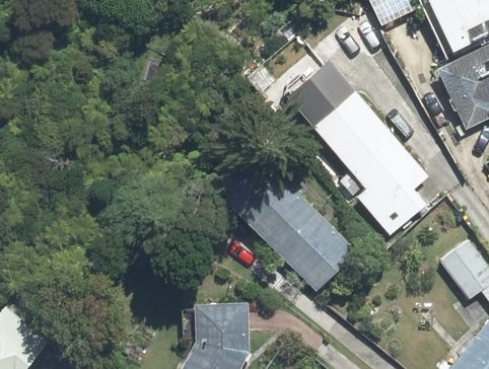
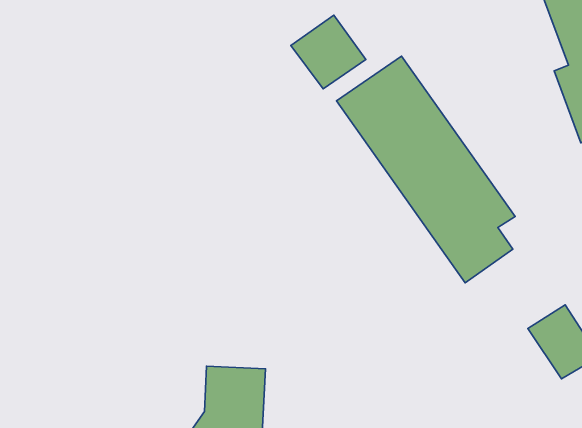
building: none -> [291,15,366,89]
building: [238,164,350,279] -> none

